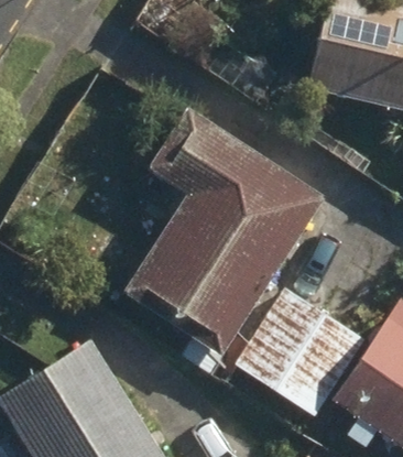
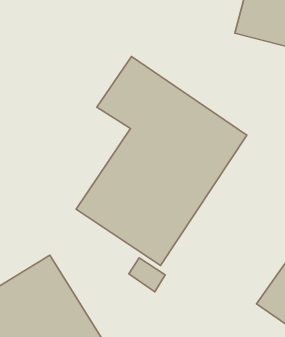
building: [235,291,363,416] -> none

